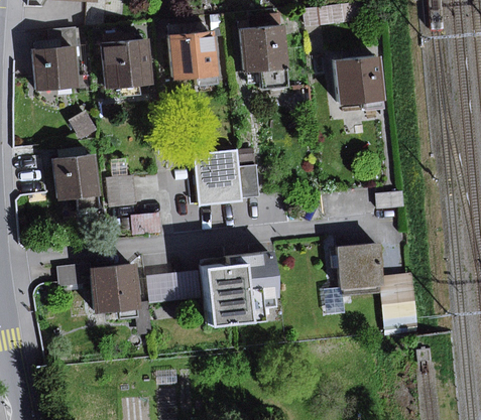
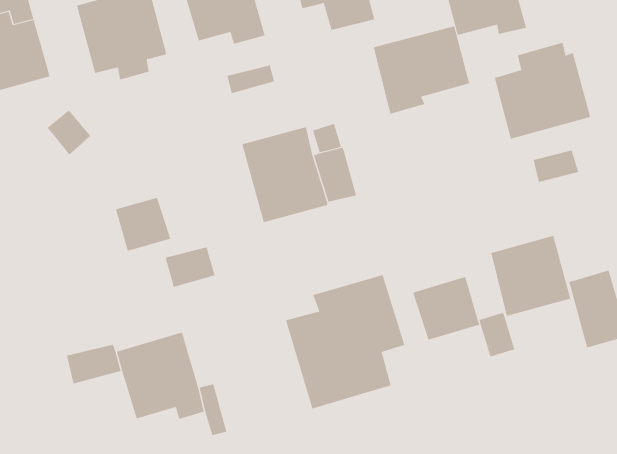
building: none -> [373,26,470,115]
building: none -> [494,42,591,139]
building: [52,155,100,199] -> none
building: none -> [412,276,480,341]
building: [145,269,200,301] -> none

